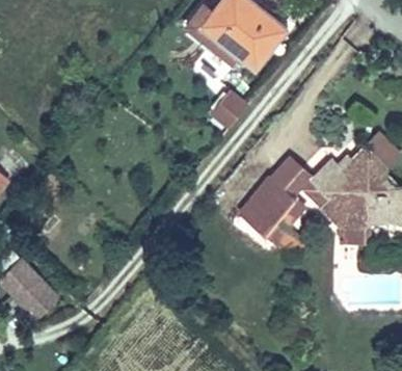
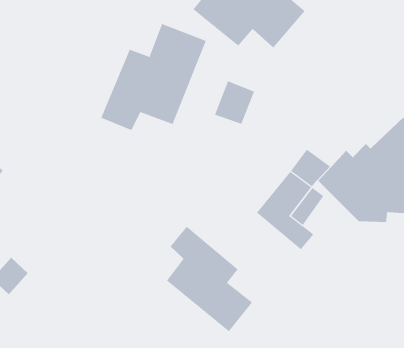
building: none -> [101,23,206,131]
building: none -> [166,226,253,332]
building: [15,276,57,318] -> none

